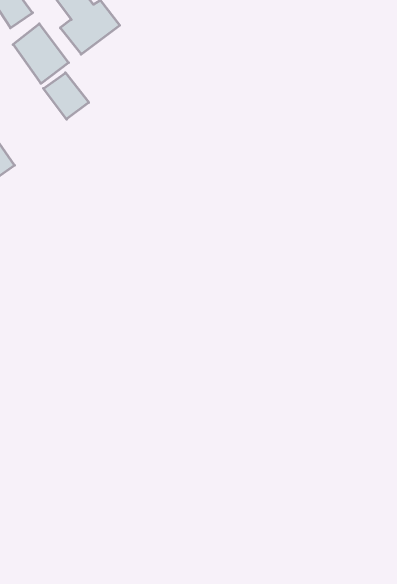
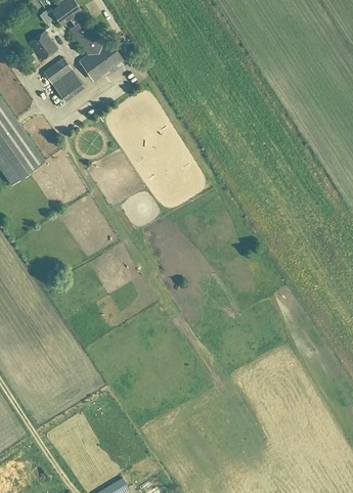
building: [43,73,89,119] -> none

